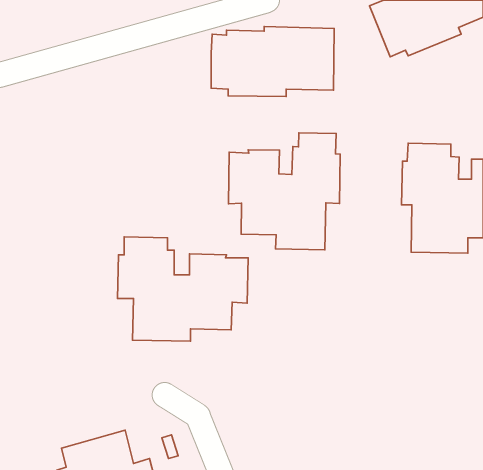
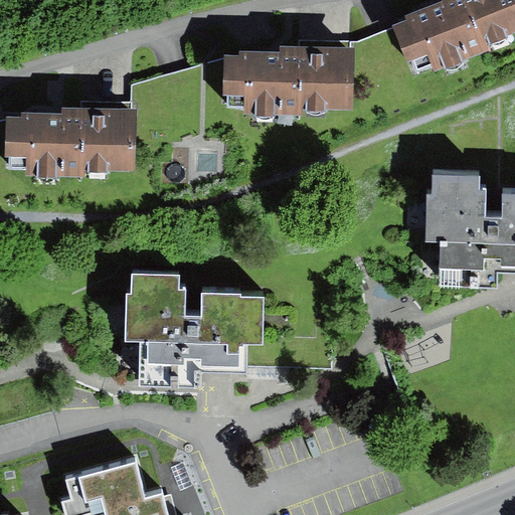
building: none -> [5,106,136,179]
building: [228,133,340,250] -> none

